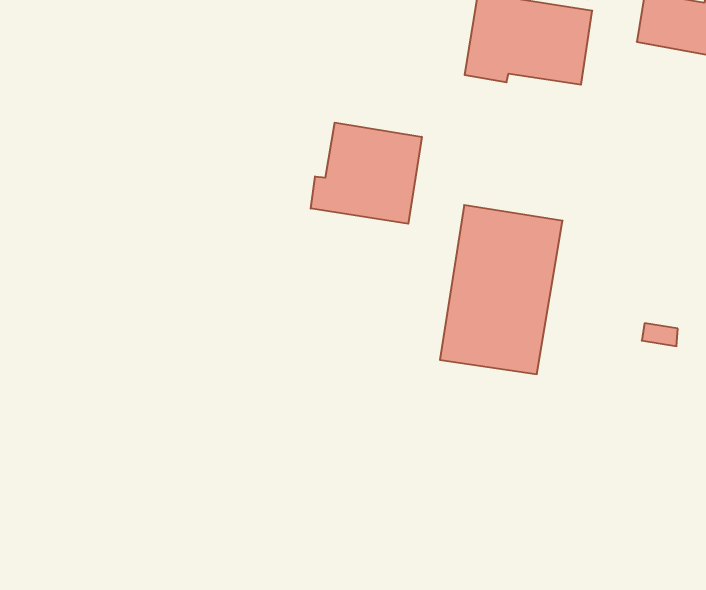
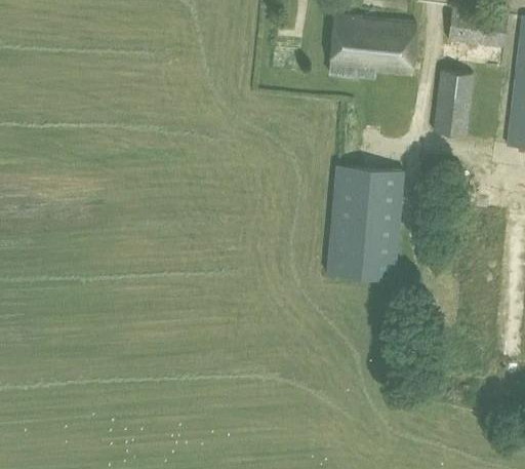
building: none -> [432,72,474,138]
building: [311,123,422,224] -> none

